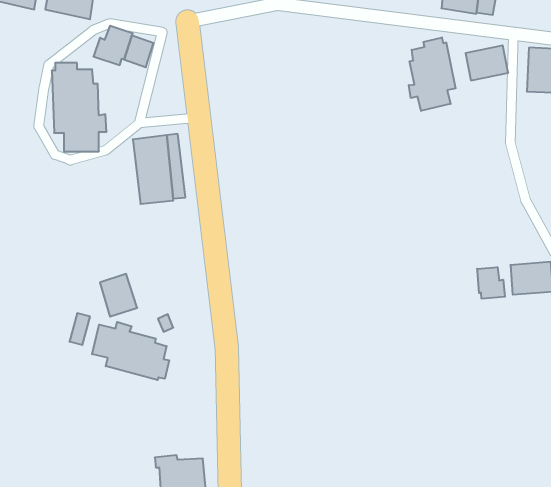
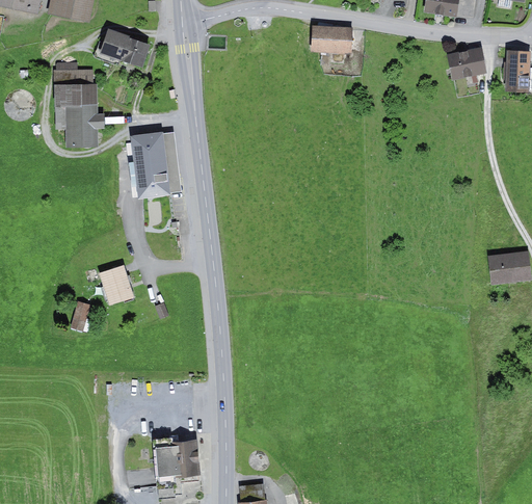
building: none -> [310,25,352,54]
building: [409,37,456,111] -> none
building: [477,267,505,299] -> none
building: [92,322,169,380] -> none

